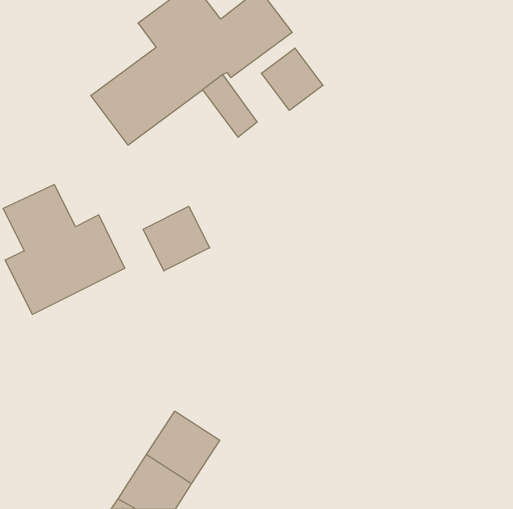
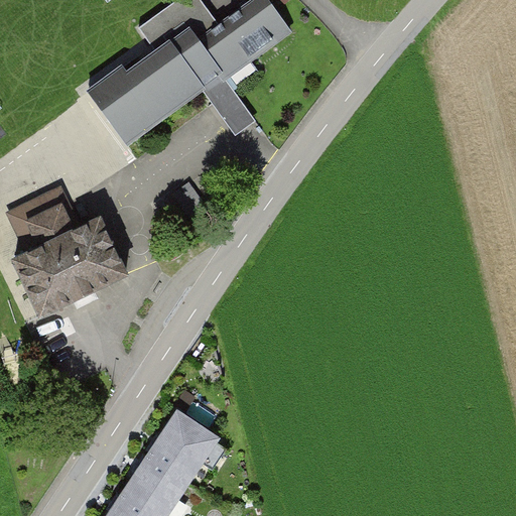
building: [261,48,323,110] -> none
building: [143,206,210,271] -> none

